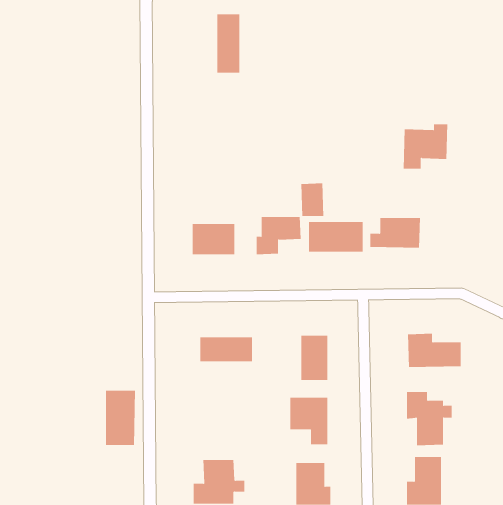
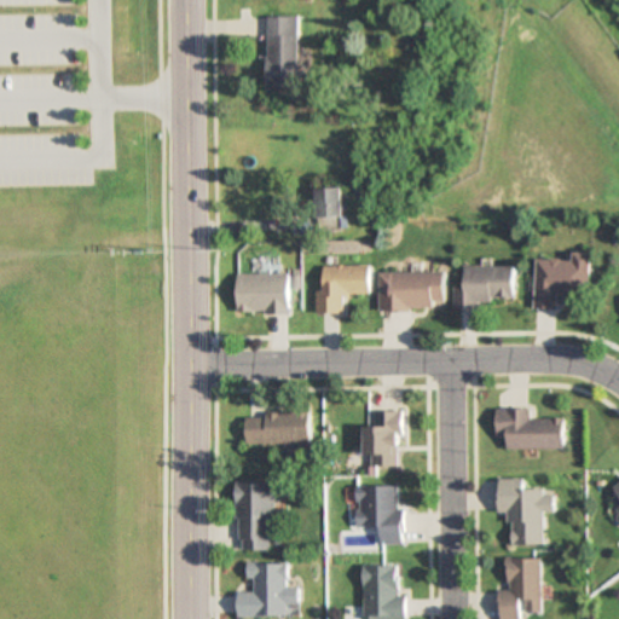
building: [403,124,448,169] -> [534,251,590,307]
building: [301,183,324,216] -> [313,186,342,227]
building: [105,390,136,446] -> [236,482,273,550]

